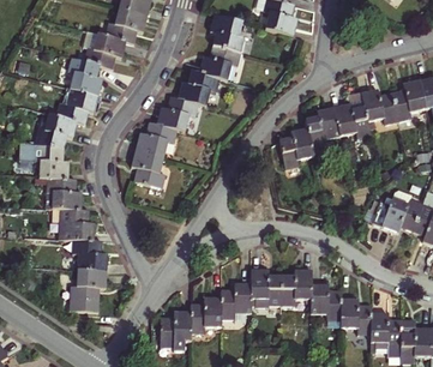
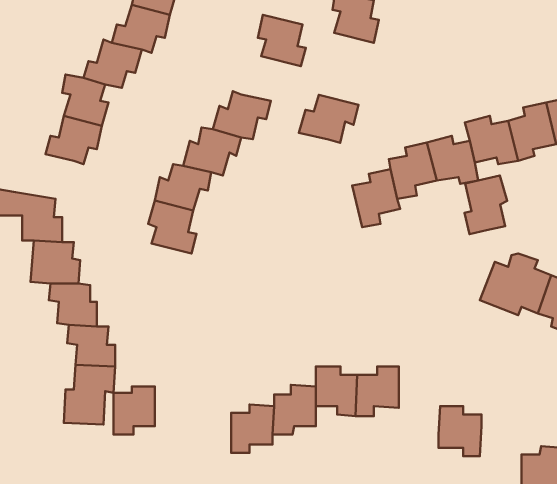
building: [197,46,240,80] -> [299,95,358,143]
building: [34,114,76,149] -> none
building: none -> [464,176,507,234]
building: [309,284,341,319] -> none
building: [160,312,190,347] -> [113,386,155,434]
building: [369,313,399,349] -> none

